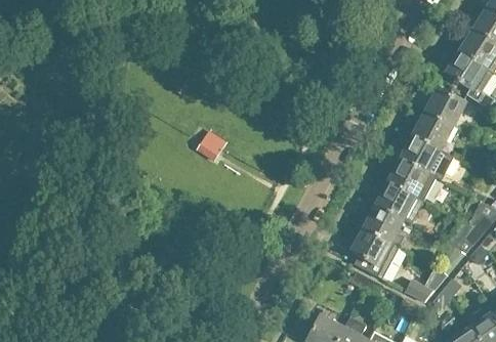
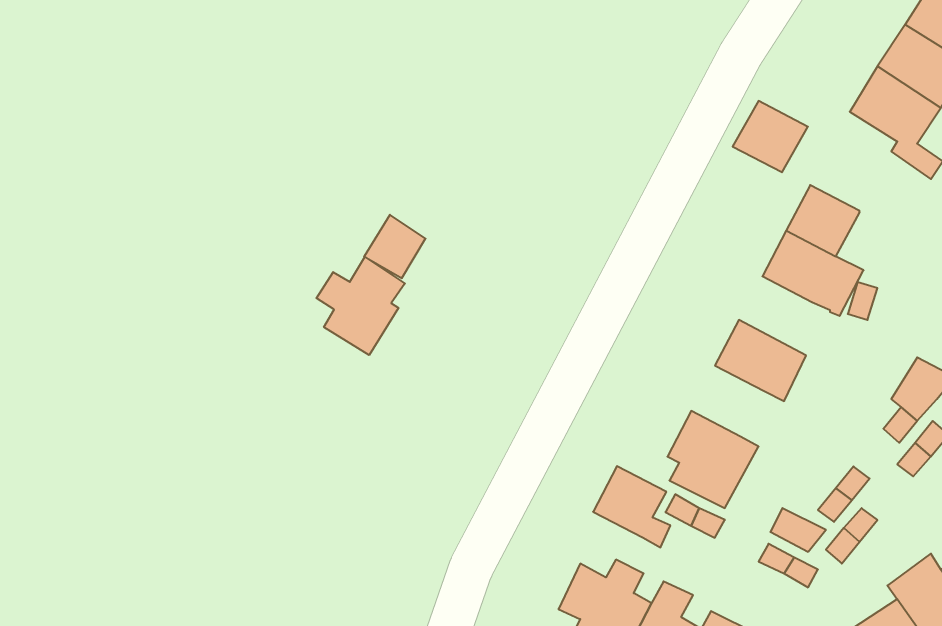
building: [425,88,464,125] -> [733,101,808,172]
building: none -> [316,257,405,355]
building: [388,159,436,200] -> none
building: [364,205,404,247] -> [593,466,670,547]

